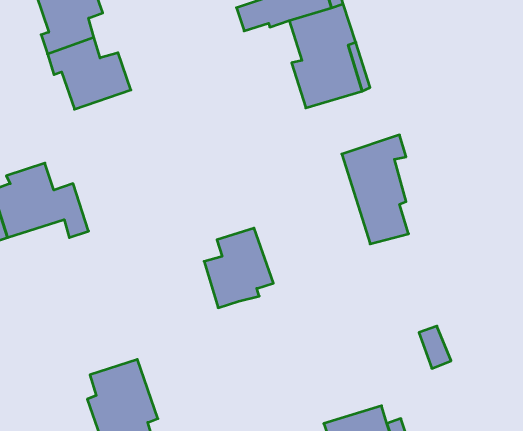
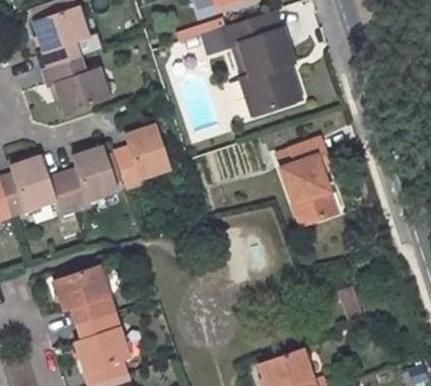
building: none -> [64,147,118,211]
building: [204,228,273,308] -> [116,125,170,187]
building: none -> [55,266,115,324]

